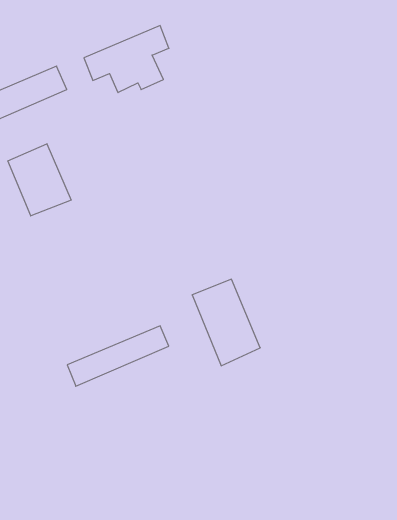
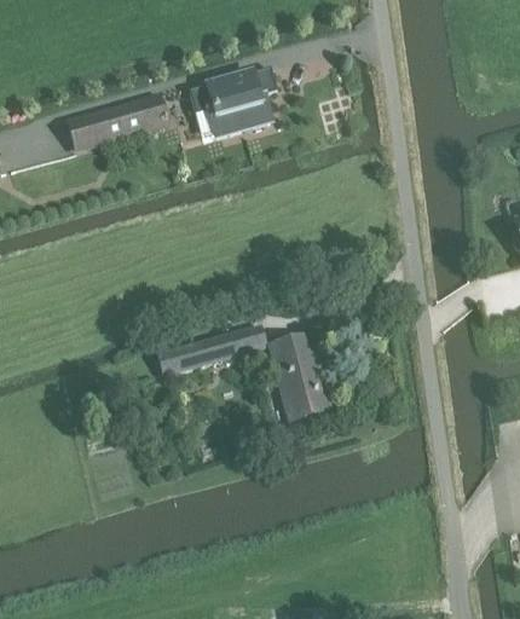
building: [8,144,71,216] -> none
building: [67,326,169,386] -> [160,323,266,374]

